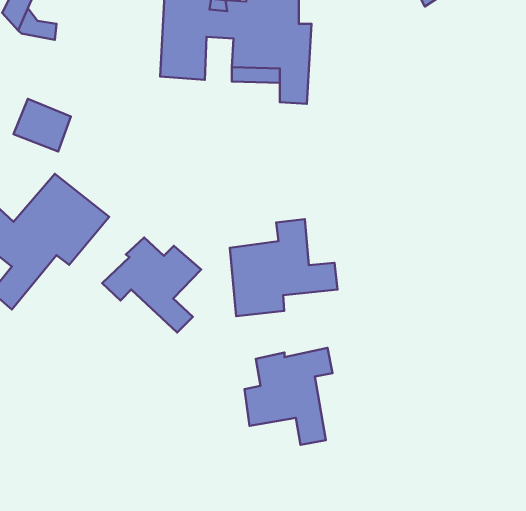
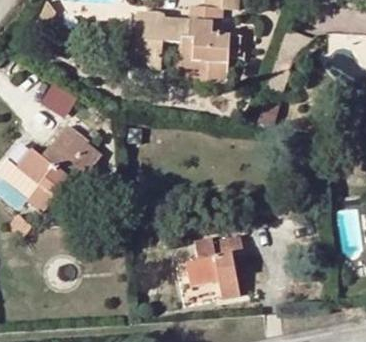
building: [230,219,337,316] -> none
building: [102,237,201,333] -> none

